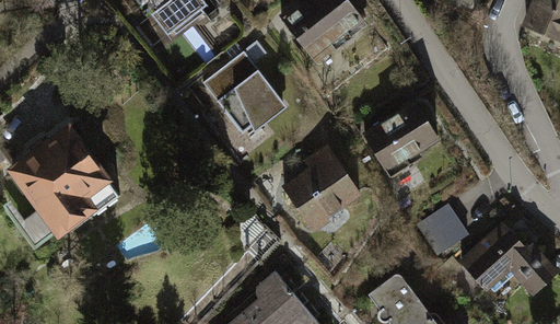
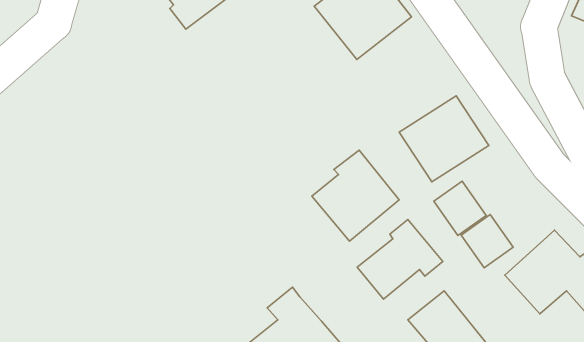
building: [201,57,288,135] -> none
building: [12,123,119,240] -> none
building: none -> [434,181,486,235]
building: none -> [357,219,443,299]

